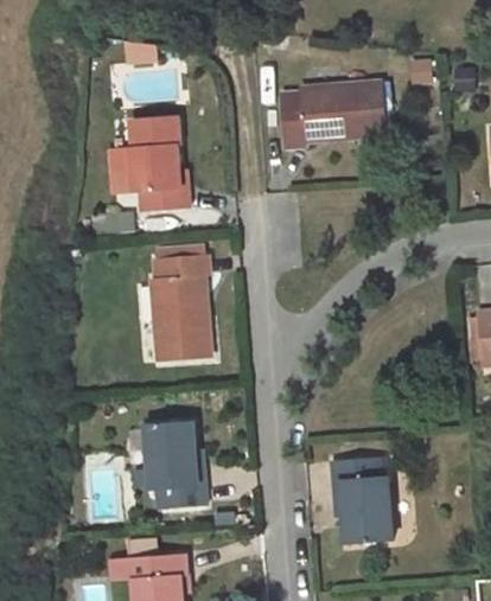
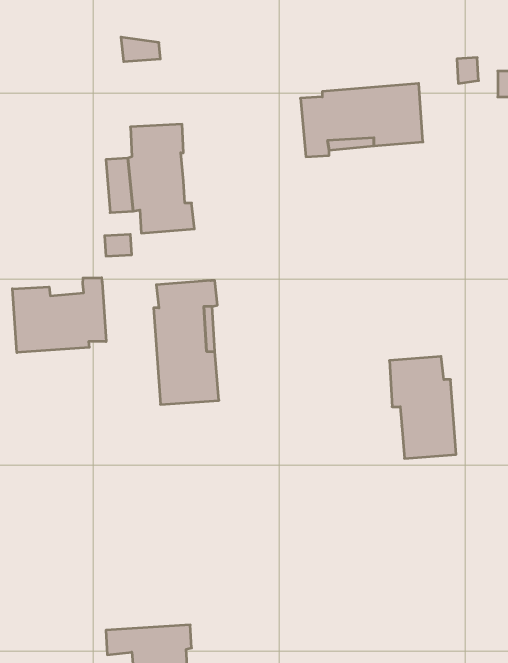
building: none -> [12,278,106,353]
building: [146,421,204,509] -> none
building: [333,455,391,544] -> [389,356,456,458]

